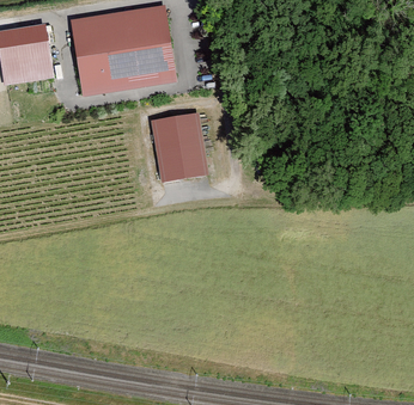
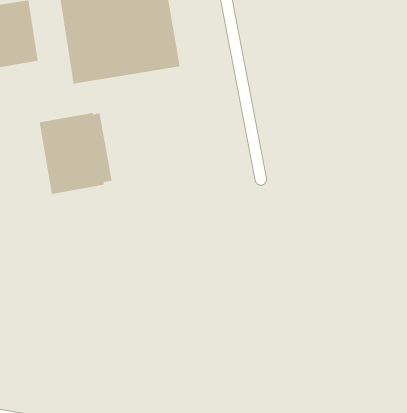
building: [151,111,215,183] -> [39,113,113,194]

